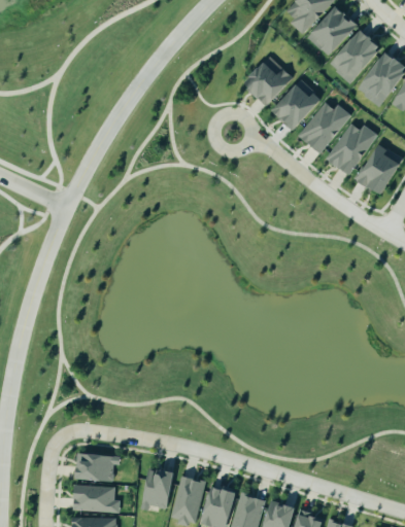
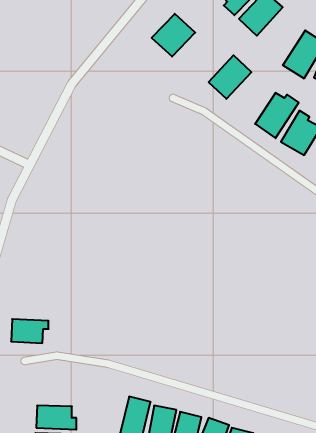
building: [329,30,382,83] -> none
building: [243,57,294,106] -> [152,14,195,57]
building: [297,103,351,153] -> none
building: [76,453,120,481] -> [11,319,49,343]
building: [142,467,173,510] -> none

